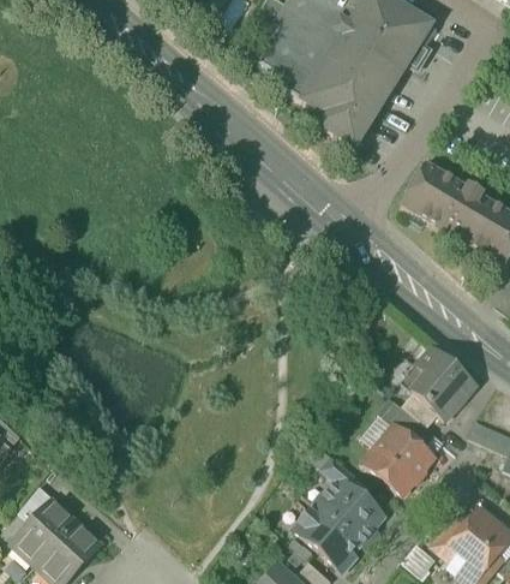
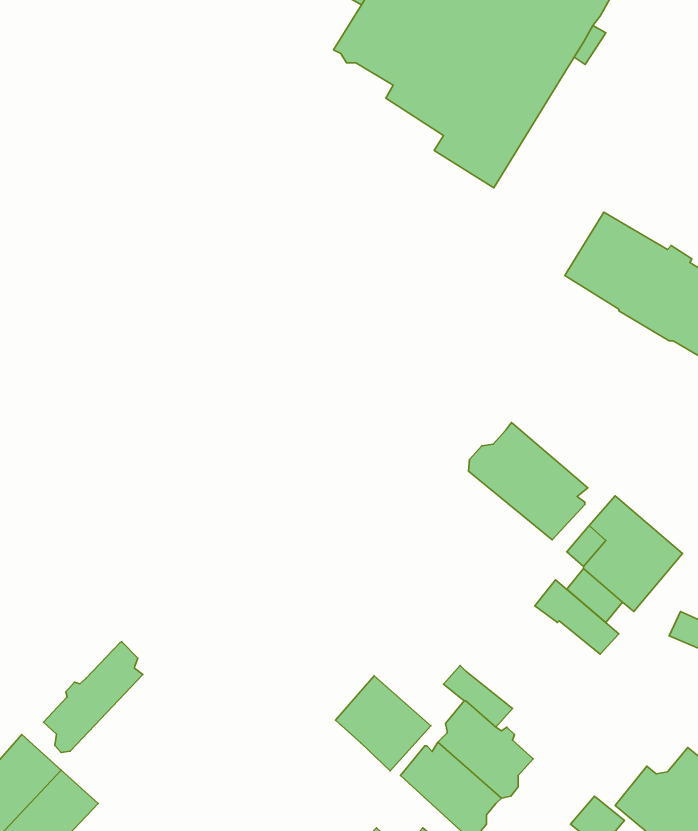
building: none -> [469,423,588,540]
building: [364,425,433,494] -> none
building: none -> [44,642,143,752]
building: none -> [335,676,431,771]

